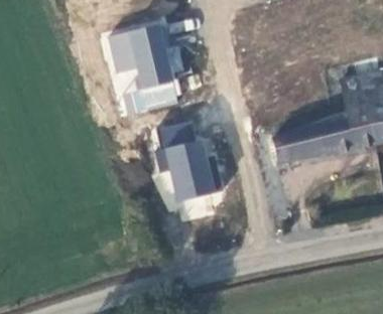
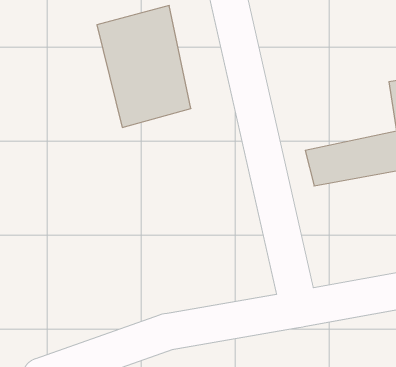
building: [158,117,230,201] -> none

